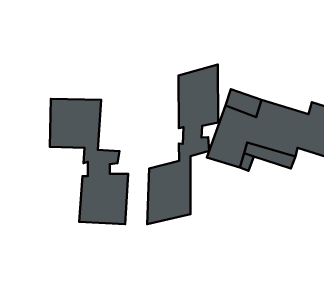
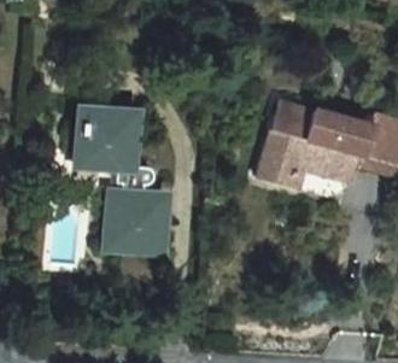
building: [147,65,218,224] -> none

